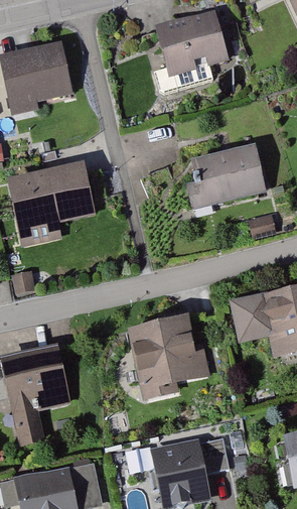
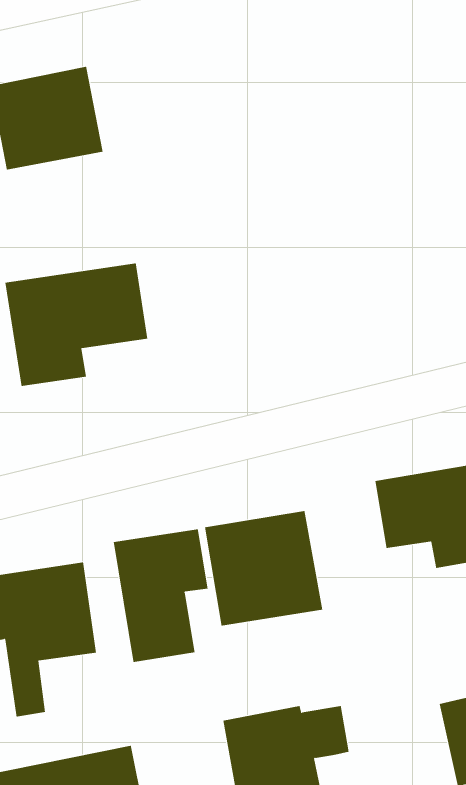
building: [155,11,231,78] -> none
building: [193,148,262,206] -> none
building: none -> [113,528,208,663]

